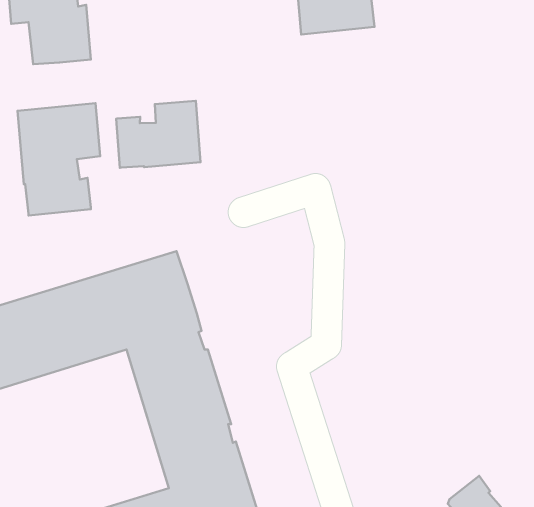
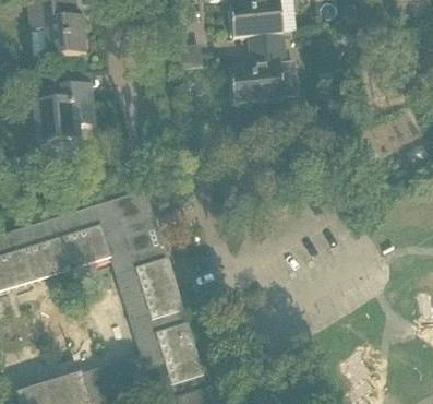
building: none -> [230,28,287,99]
building: [116,101,200,168] -> none

